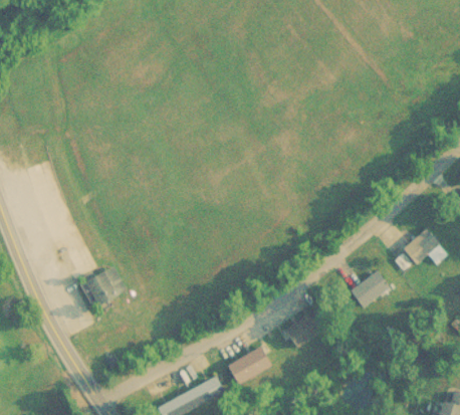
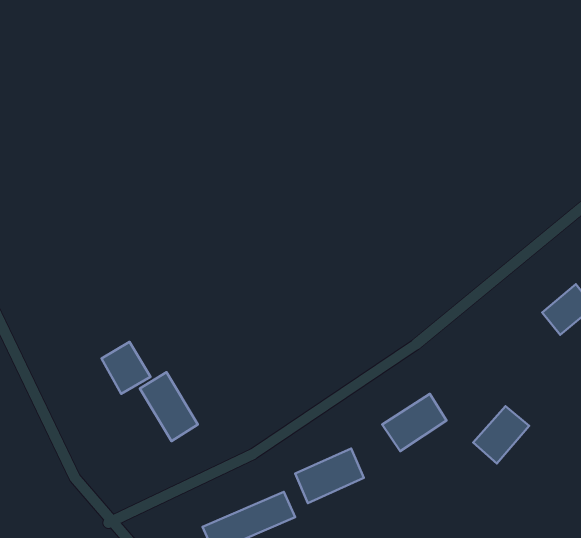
building: [351,269,391,310] -> [473,406,529,464]
building: none -> [140,372,198,441]

